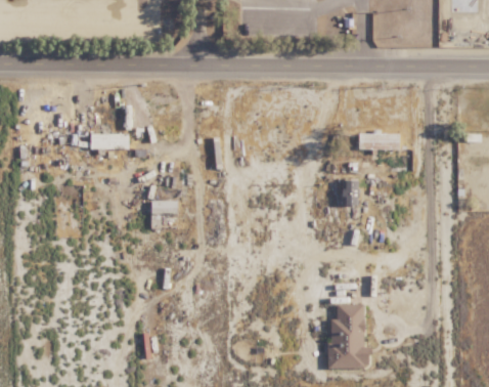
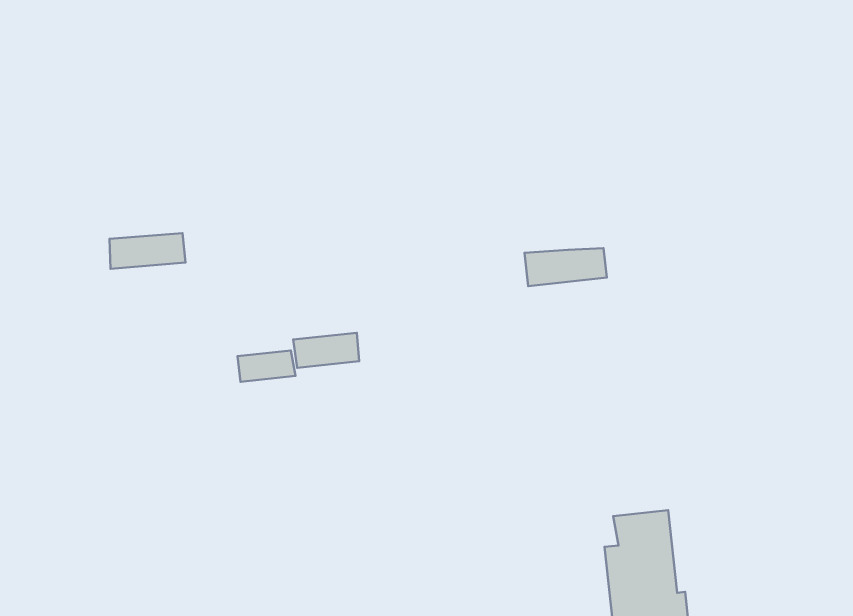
building: [359,132,400,149] -> [525,248,607,286]
building: none -> [293,333,359,368]

